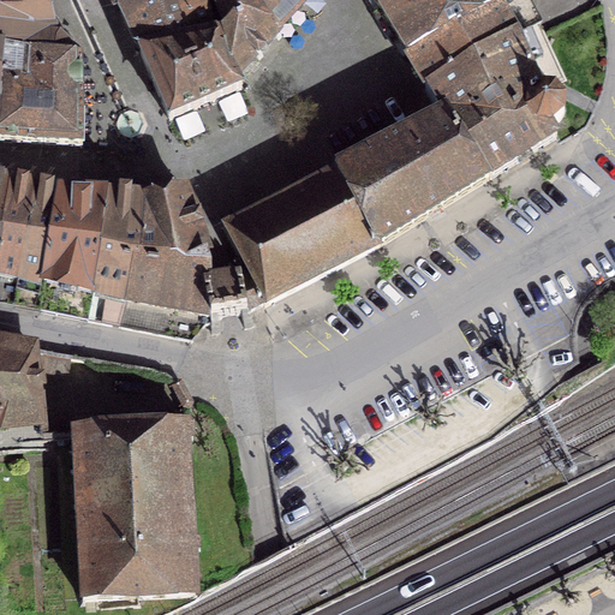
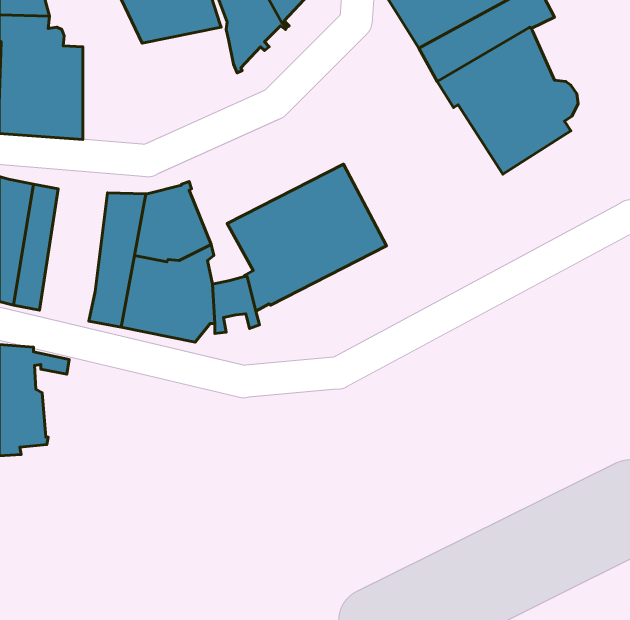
building: [138,26,240,111] -> none
building: [334,102,489,239] -> none
building: [38,184,105,312] -> none
building: [72,413,198,592] -> none

